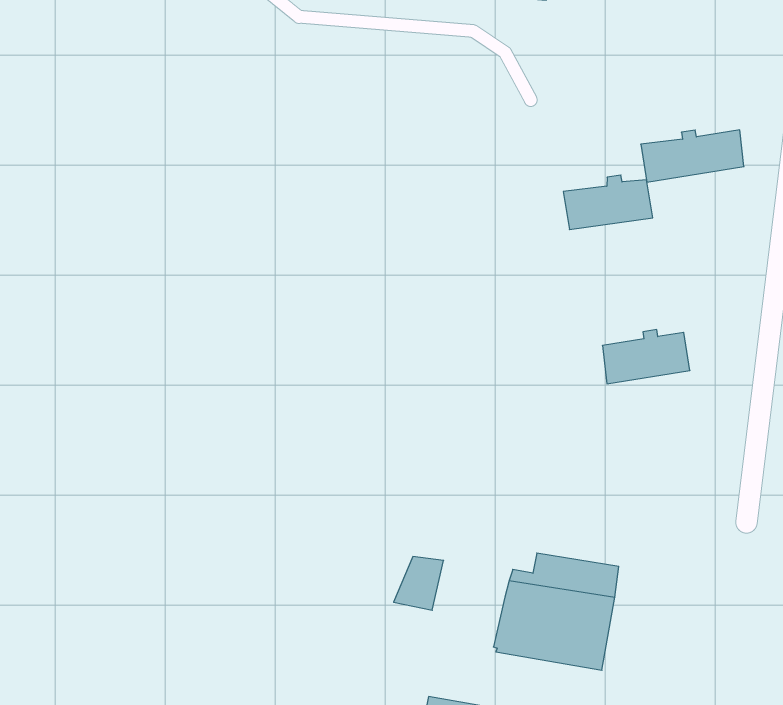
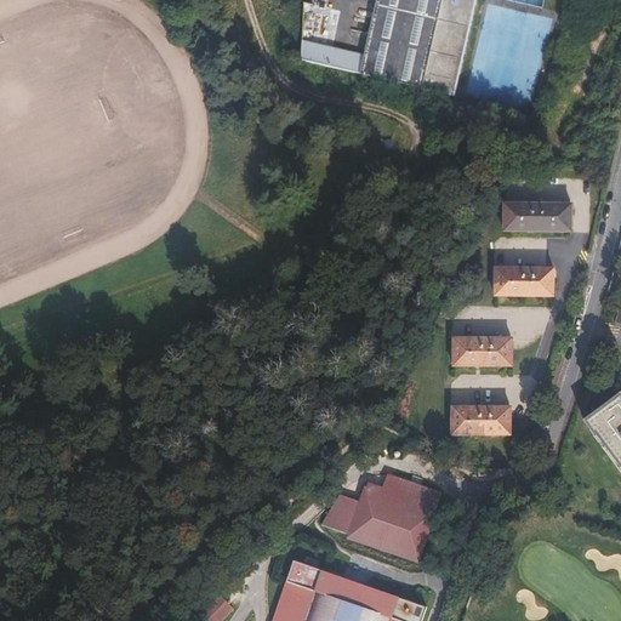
building: [563,175,653,230] -> [495,263,553,296]
building: none -> [452,401,511,433]
building: [394,557,444,610] -> [320,494,359,532]

